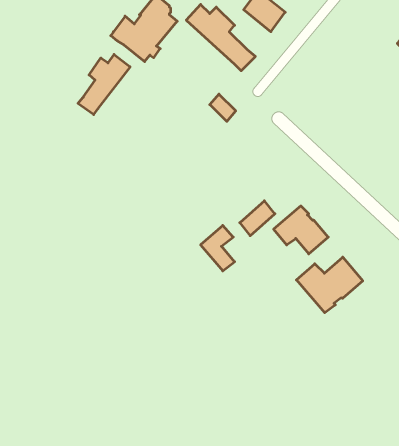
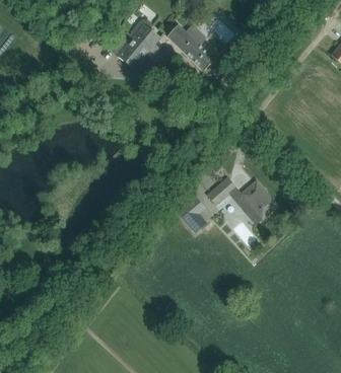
building: [78,54,130,115] -> none
building: [296,257,363,313] -> none

